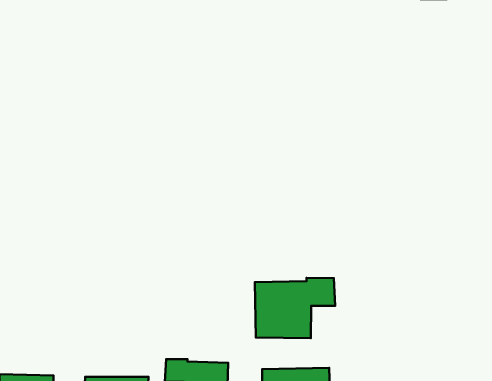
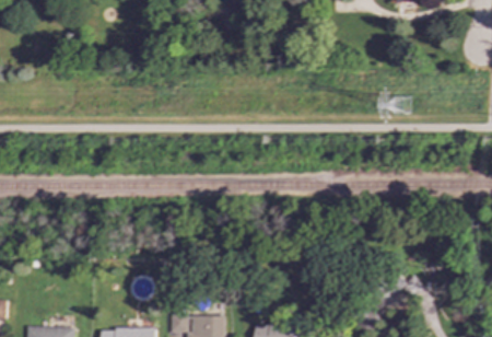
building: [255,278,335,338] -> none

